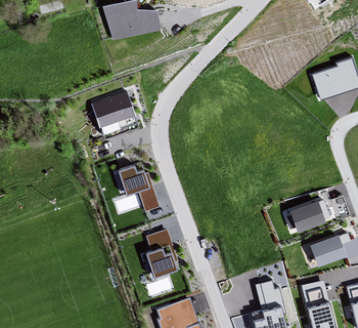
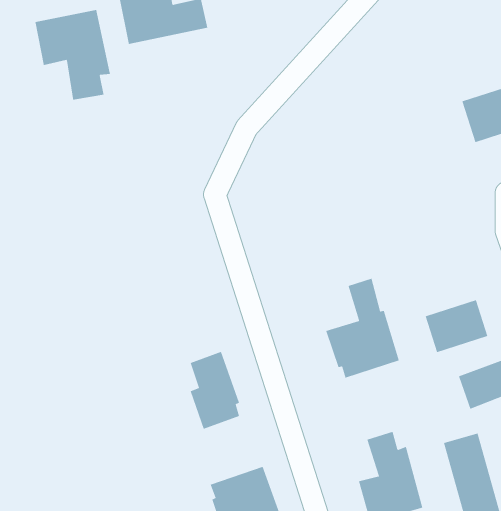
building: none -> [35,9,110,100]
building: [91,90,136,133] -> none
building: [115,161,160,211] -> none
building: none -> [326,278,399,378]

